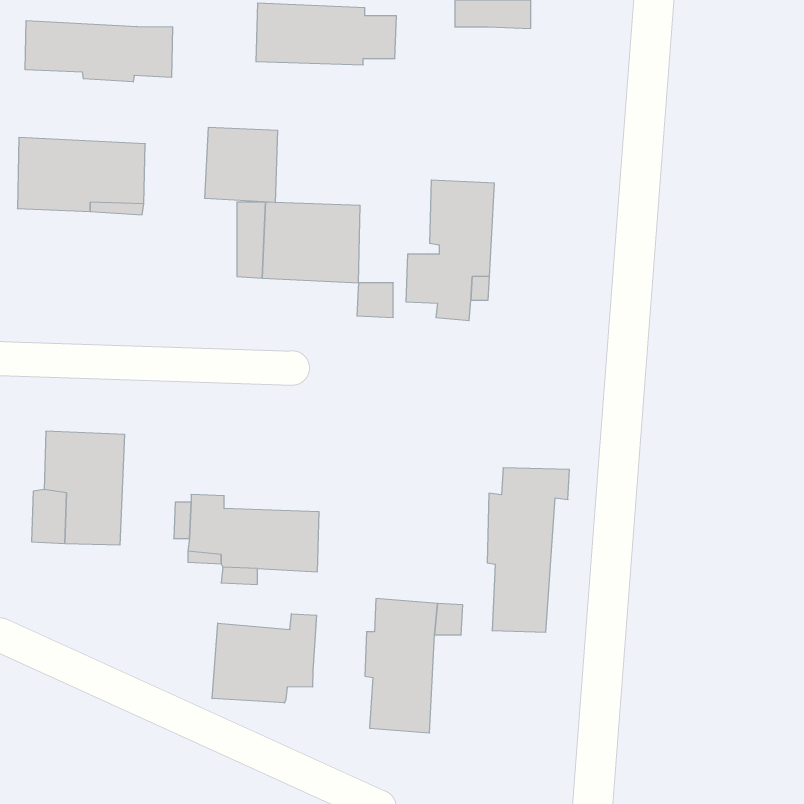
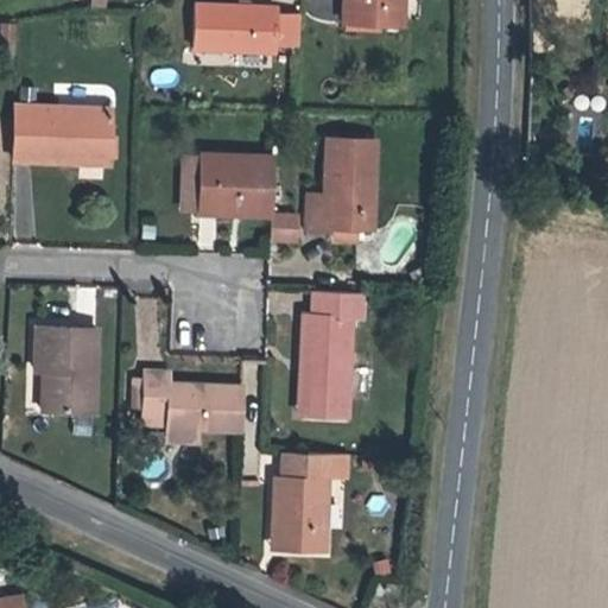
building: [25,21,173,82] -> none
building: [205,127,278,203] -> none
building: [487,468,569,632] -> [302,292,363,416]
building: [212,614,317,703] -> none

